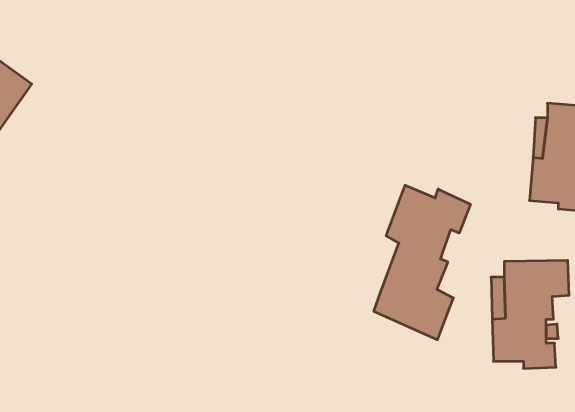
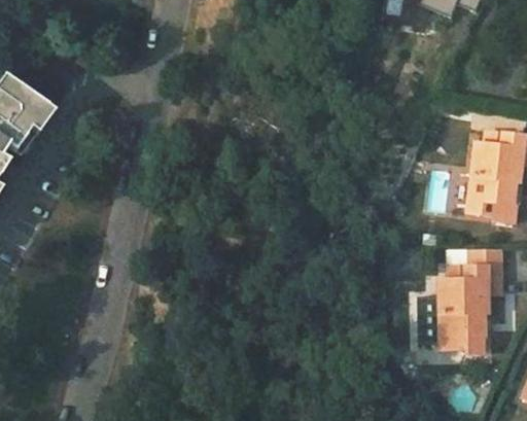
building: [374,185,470,340] -> none

